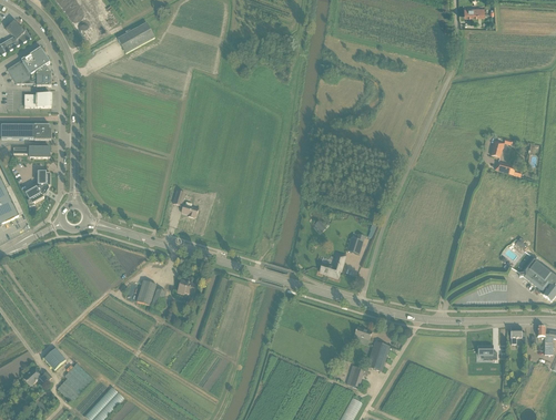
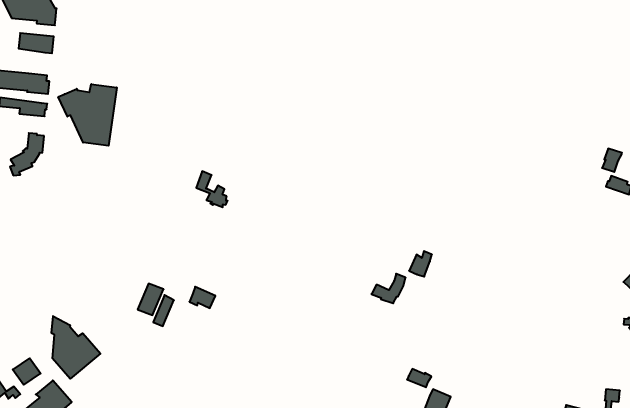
building: none -> [58,84,117,146]
building: none -> [52,316,100,379]

